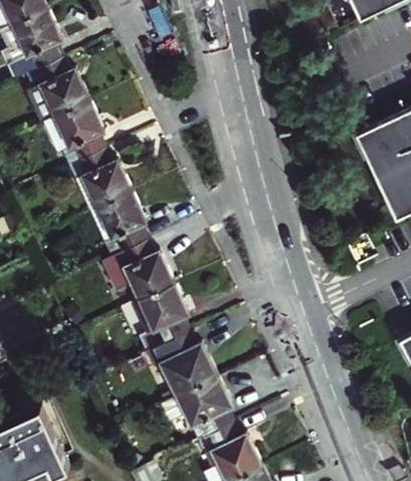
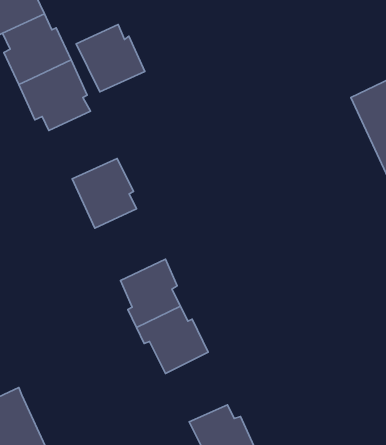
building: [72,151,137,214] -> [76,24,145,92]
building: [106,242,182,313] -> none
building: [167,377,240,442] -> none

